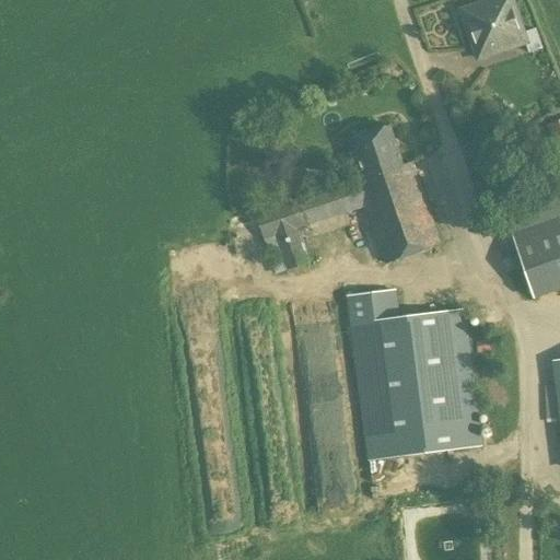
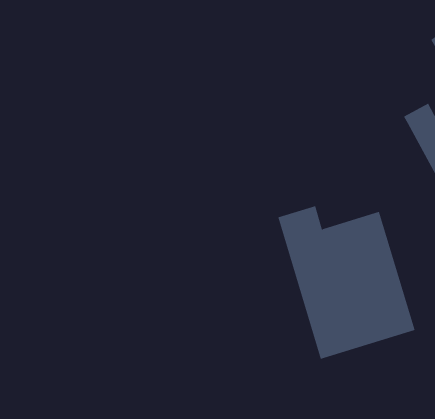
building: [255,125,441,270] -> none

